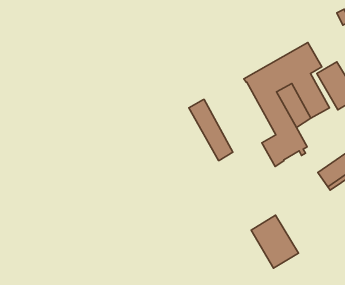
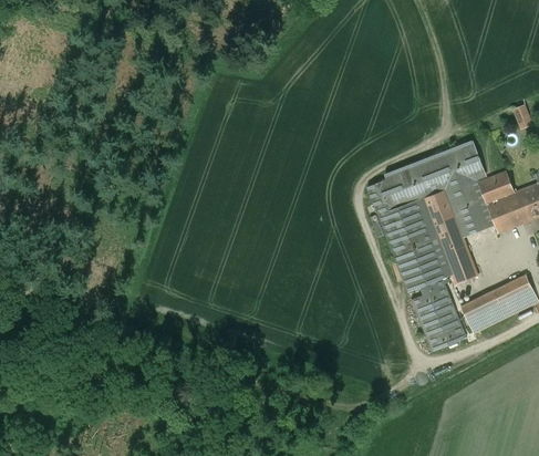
building: [189,99,233,161] -> [367,179,415,259]
building: none -> [443,237,477,282]
building: [251,215,298,268] -> [412,284,467,351]

